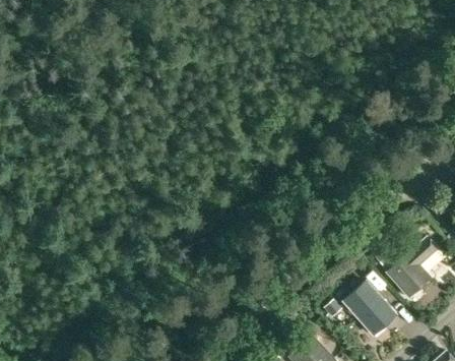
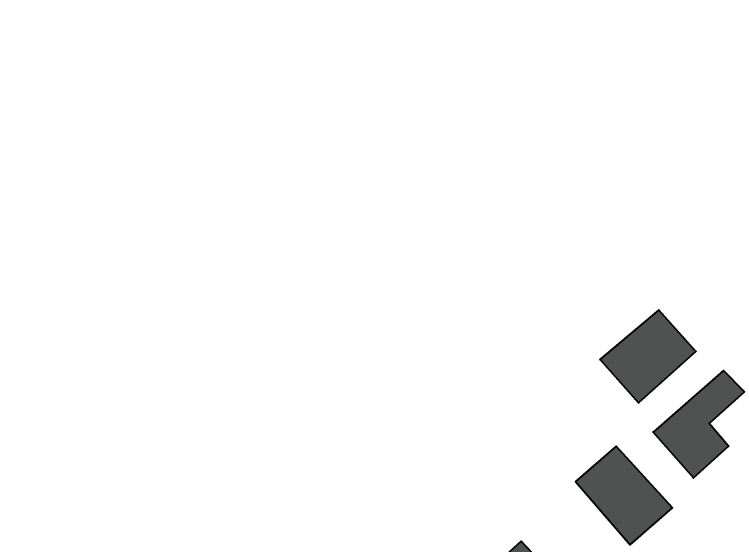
building: none -> [600,310,696,403]

